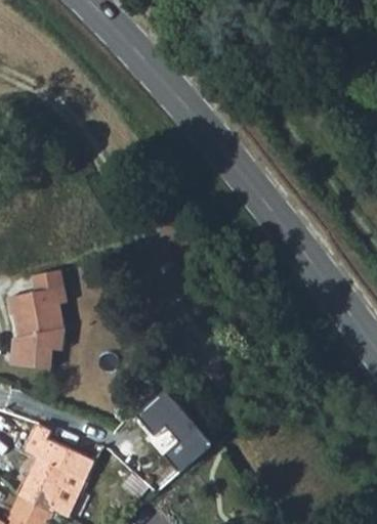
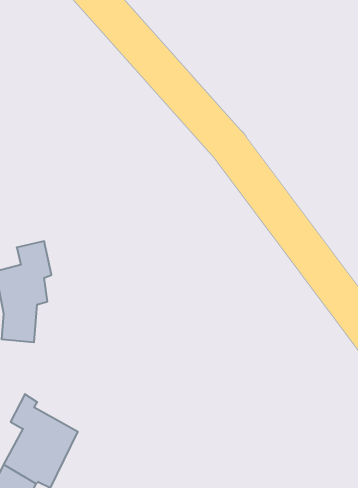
building: [135,390,212,472] -> none

